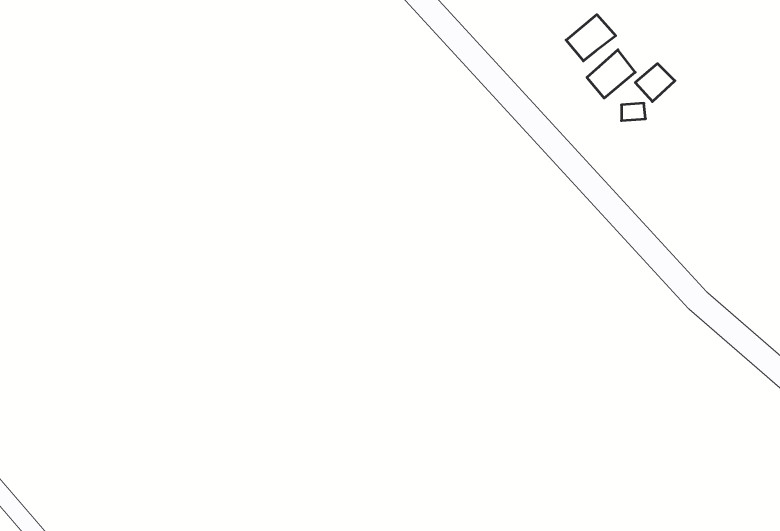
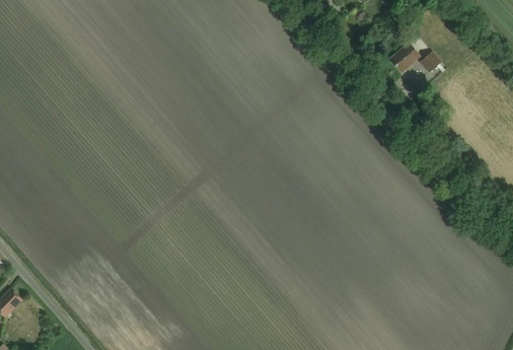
building: [566,15,616,61] -> none

